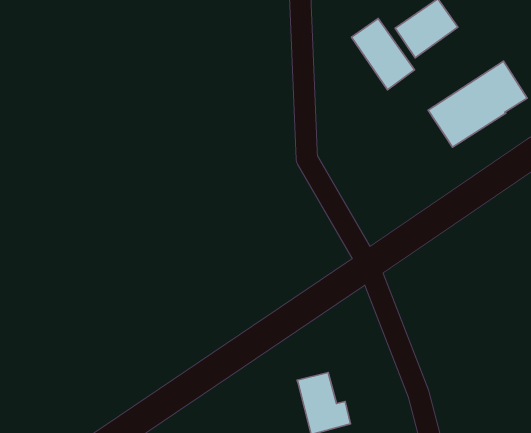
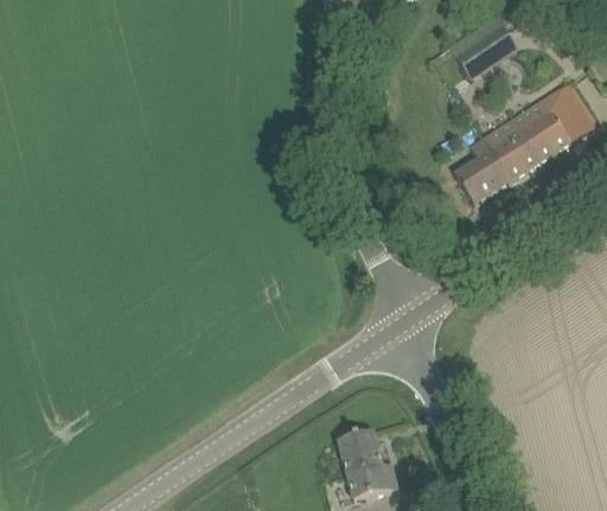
building: [351,18,415,90] -> none
building: none -> [455,139,512,204]

